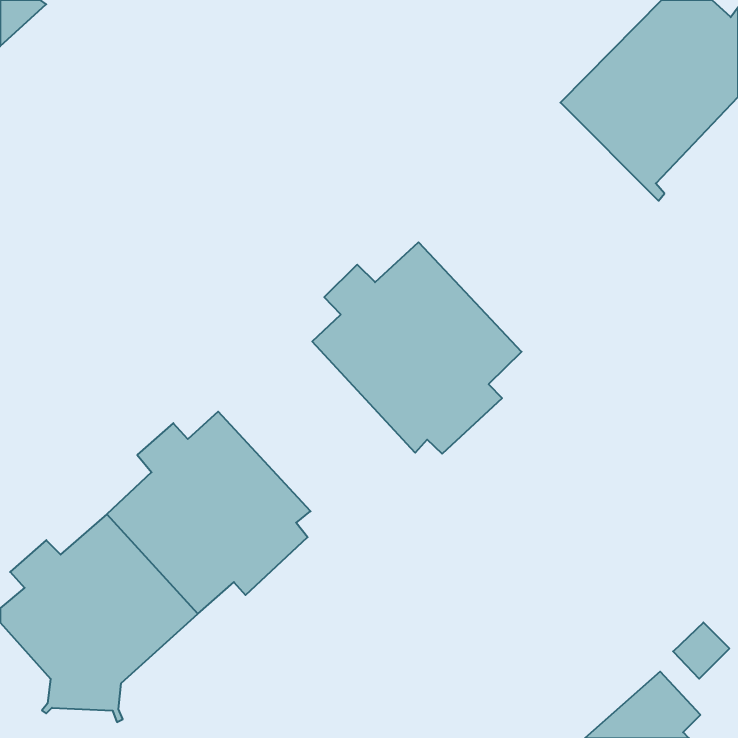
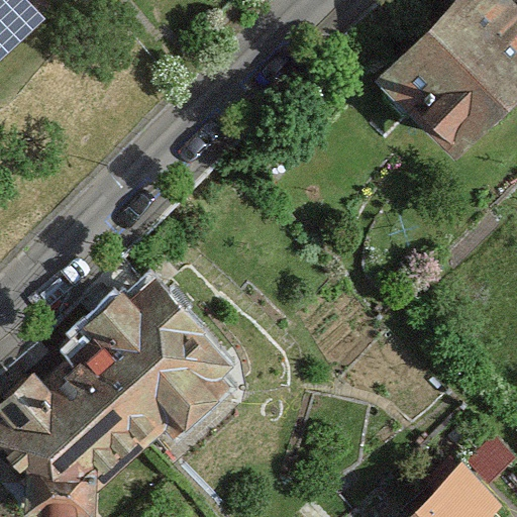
building: [312,242,522,454] -> none

